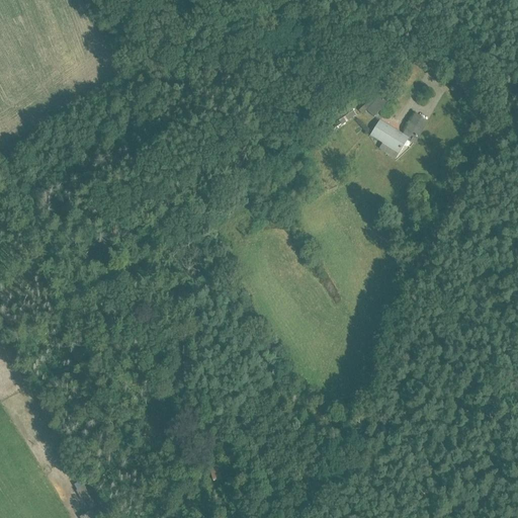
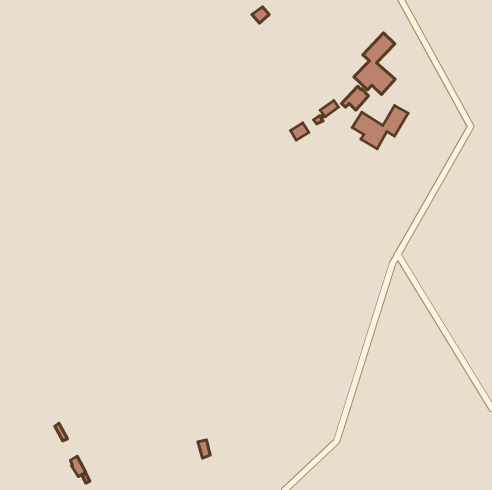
building: none -> [354,33,395,94]

